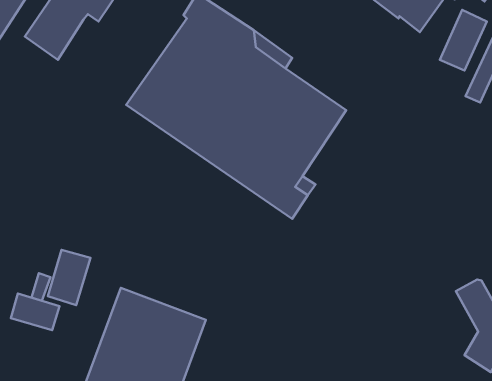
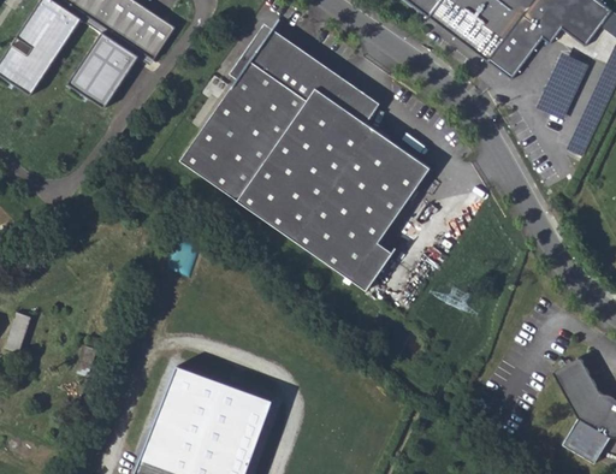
building: [48,250,90,305] -> none
building: [11,293,60,330] -> none

